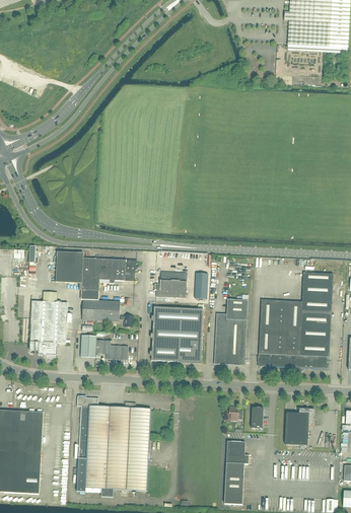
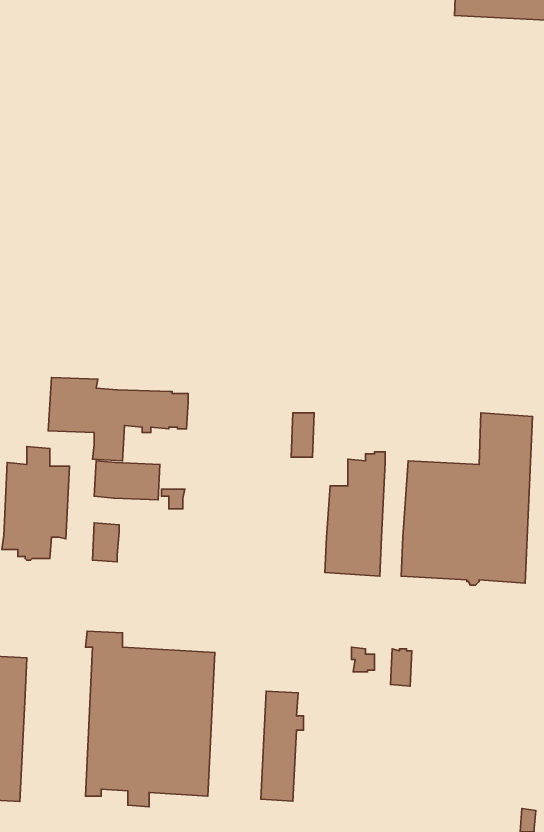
building: [152,271,187,297] -> none
building: [150,306,204,362] -> none
building: [94,340,128,359] -> none
building: [285,408,314,445] -> none
building: [223,441,248,504] -> [261,691,303,801]

